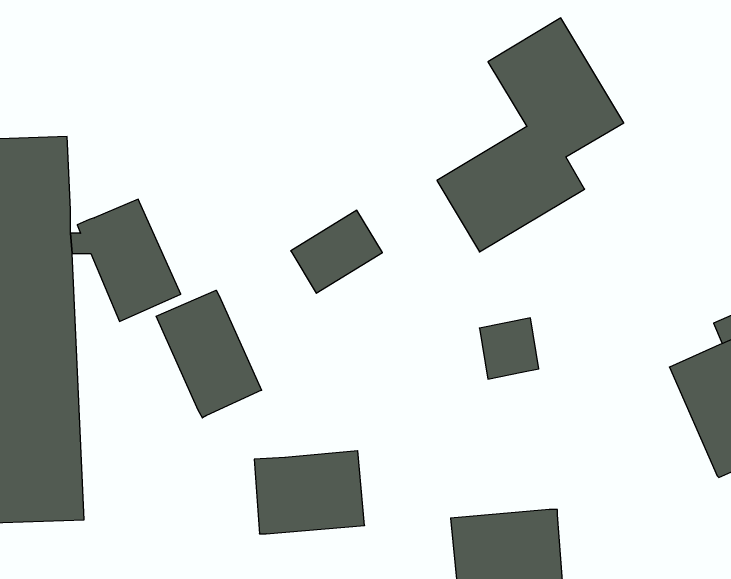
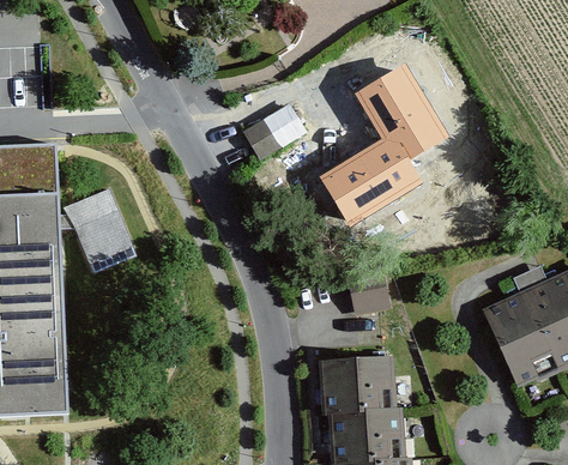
building: [291,210,382,293] -> [242,102,307,161]
building: [156,290,262,418] -> none
building: [254,451,365,534] -> [319,356,397,415]

